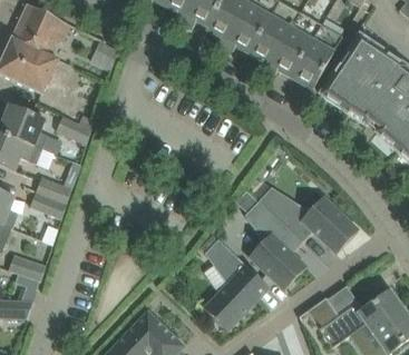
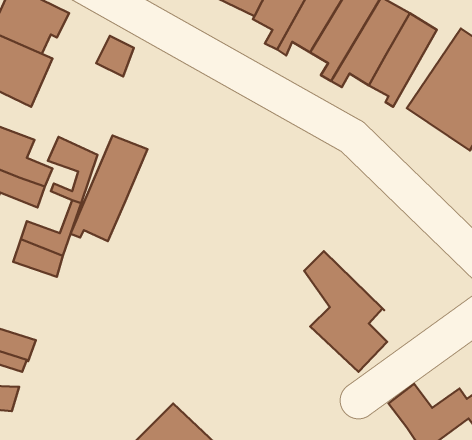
building: none -> [71,136,148,241]
building: [259,186,358,253] -> none
building: [204,238,269,329] -> none

